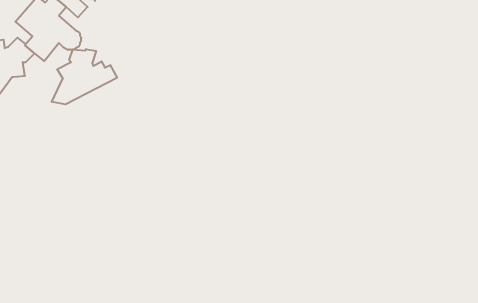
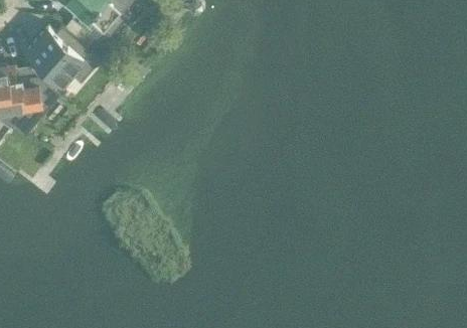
building: [52,49,117,104] -> none

